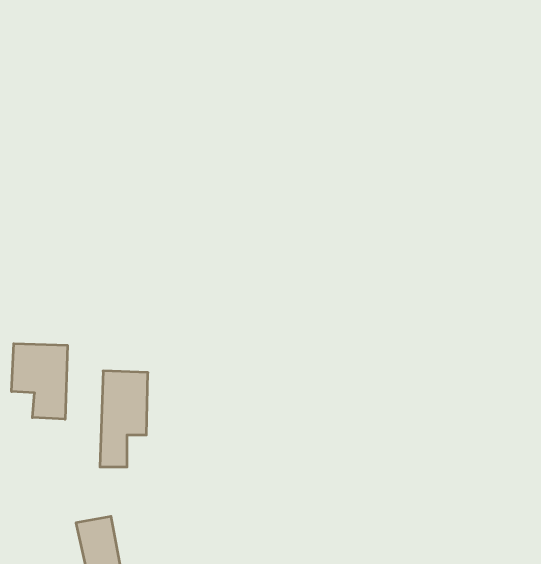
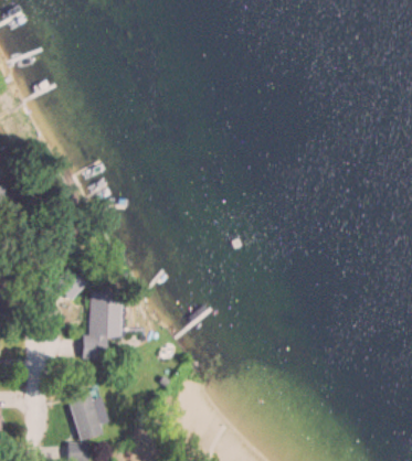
building: [12,344,67,419] -> none

